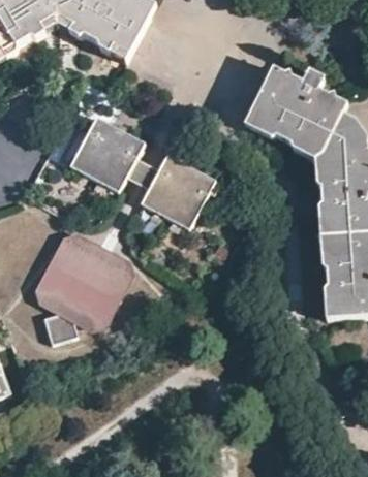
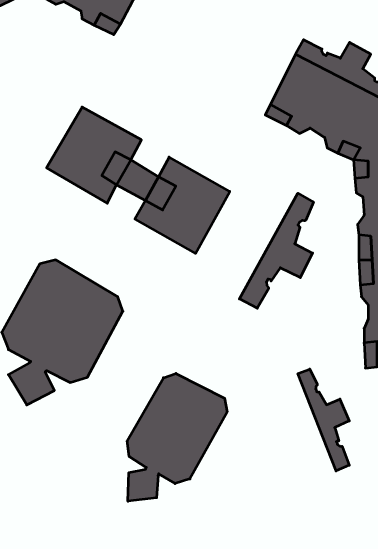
building: none -> [239,193,313,308]
building: none -> [298,369,349,471]
building: none -> [127,373,227,501]

